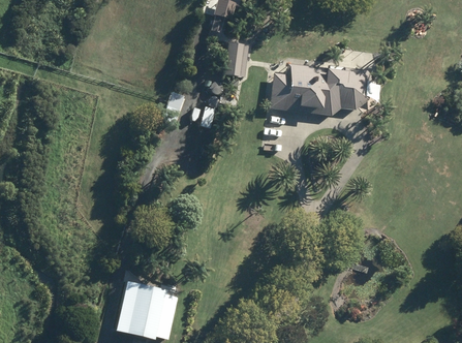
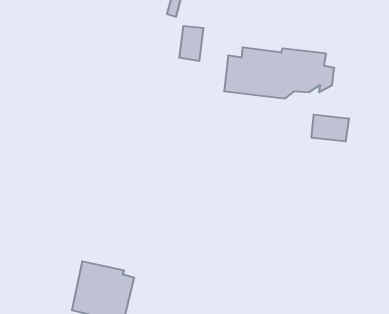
building: none -> [312,114,349,142]

